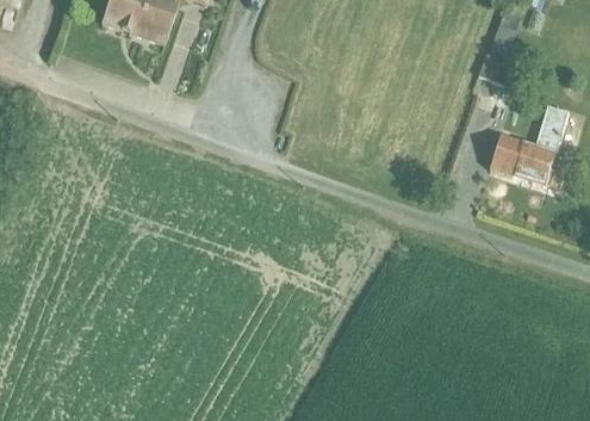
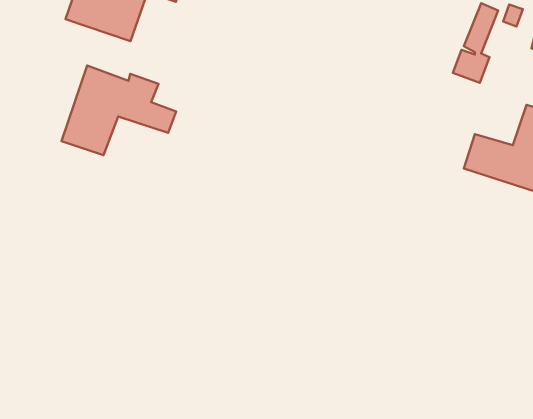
building: none -> [62,65,176,155]

